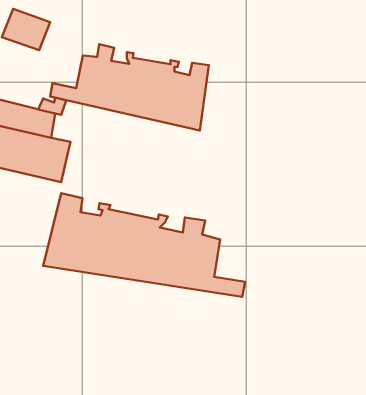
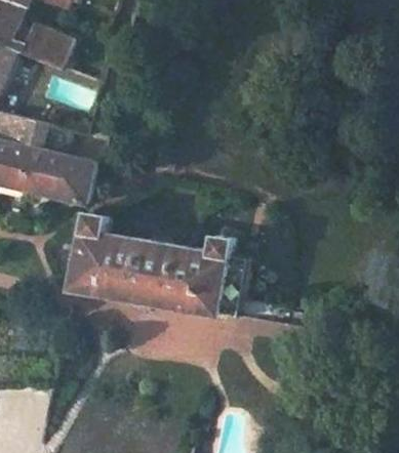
building: [50,44,209,130] -> none

